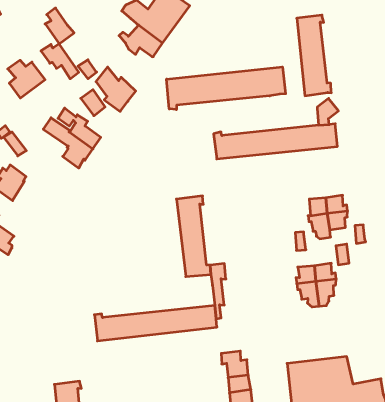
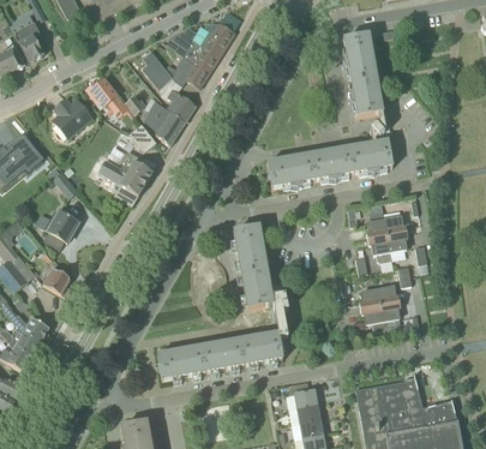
building: [45,8,74,44] -> [142,50,172,86]
building: none -> [167,86,196,122]
building: [167,67,286,110] -> none

